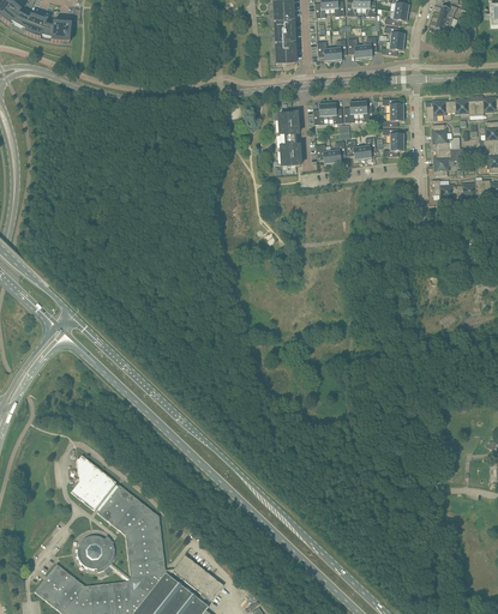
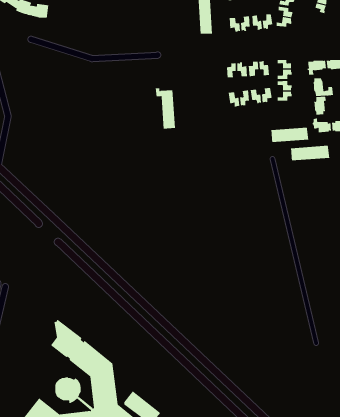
building: [271,110,300,167] -> [155,88,176,129]
building: none -> [271,127,309,143]
building: none -> [291,145,330,161]

